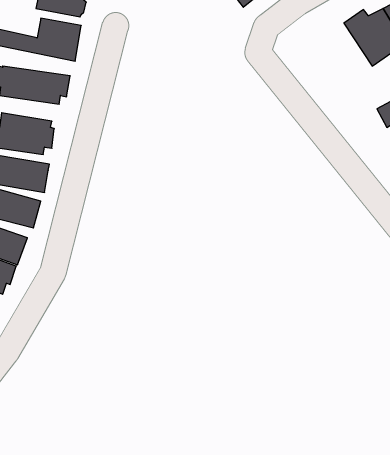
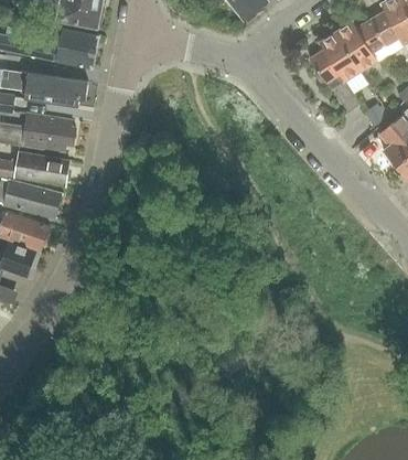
building: none -> [307,33,367,113]

